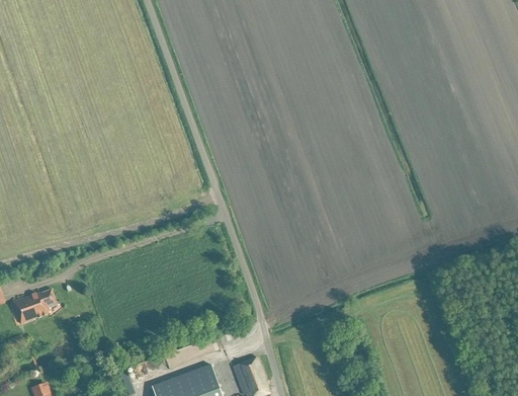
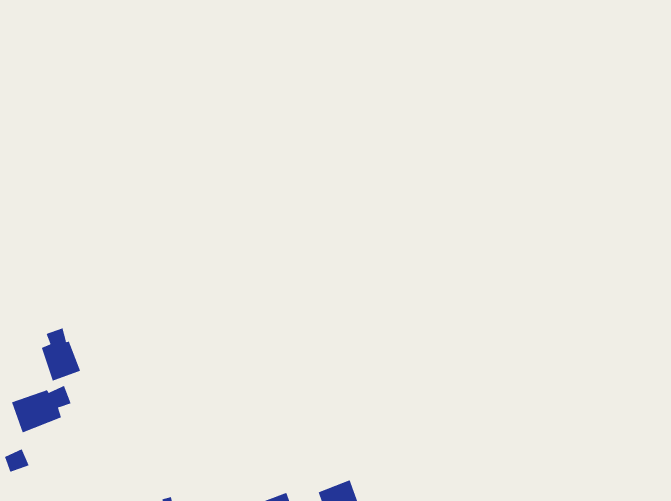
building: none -> [41,328,81,381]

